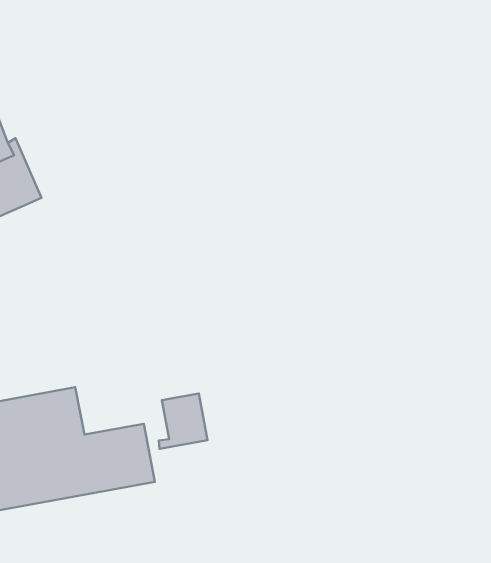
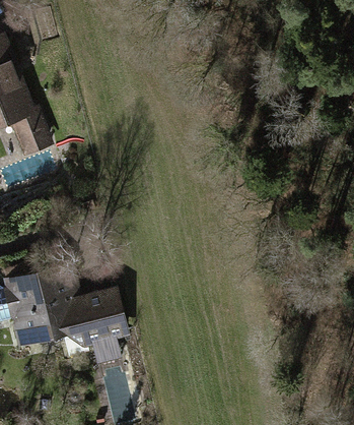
building: [159,393,208,449] -> none

